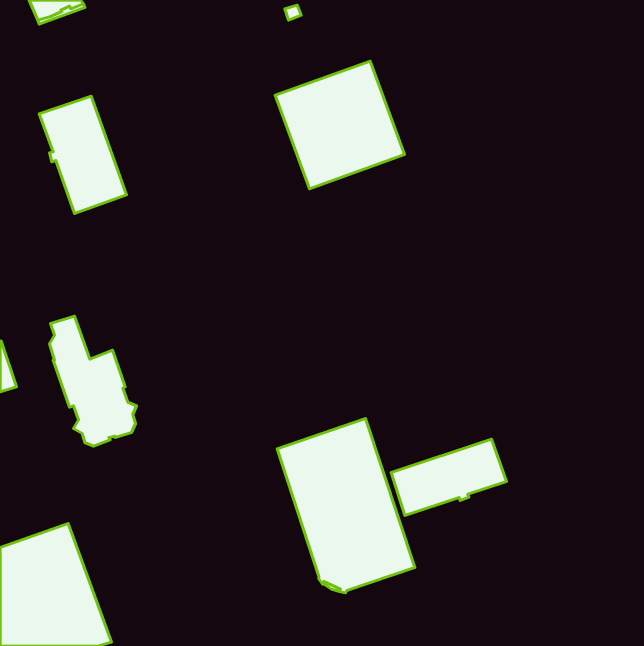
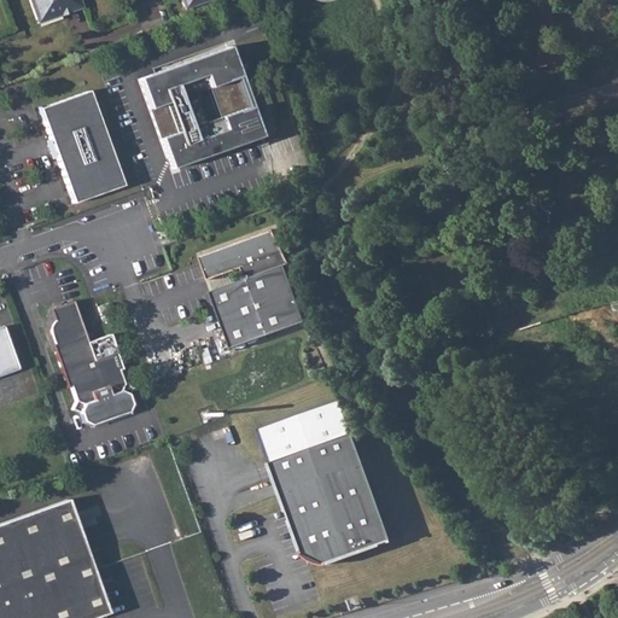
building: [275,61,404,189] -> [139,47,262,169]
building: none -> [203,227,311,348]
building: [391,439,507,515] -> none

